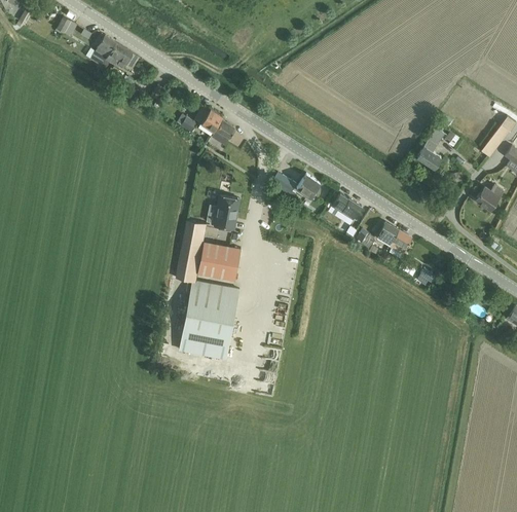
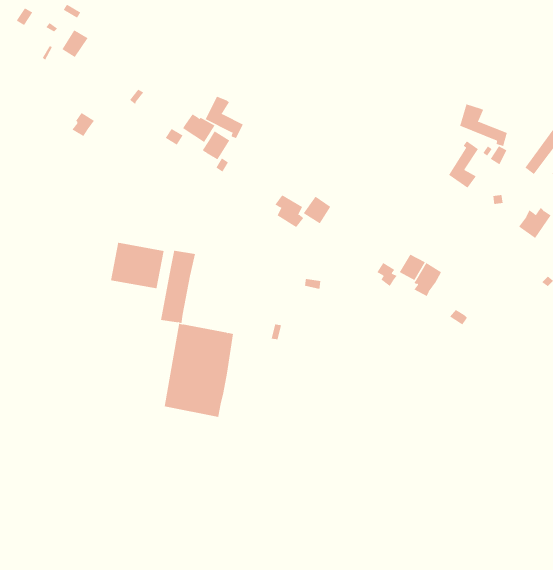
building: [100,42,139,71] -> none
building: none -> [205,96,244,139]
building: none -> [459,103,508,147]
building: [212,193,237,227] -> none
building: [332,193,362,219] -> none
building: [196,241,242,280] -> [110,242,164,289]

